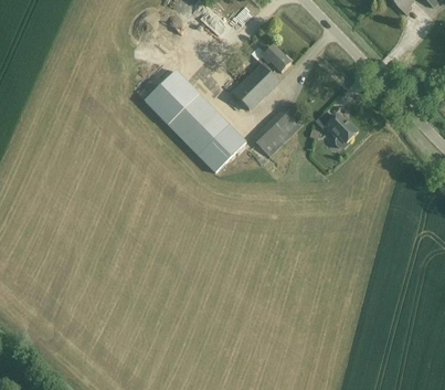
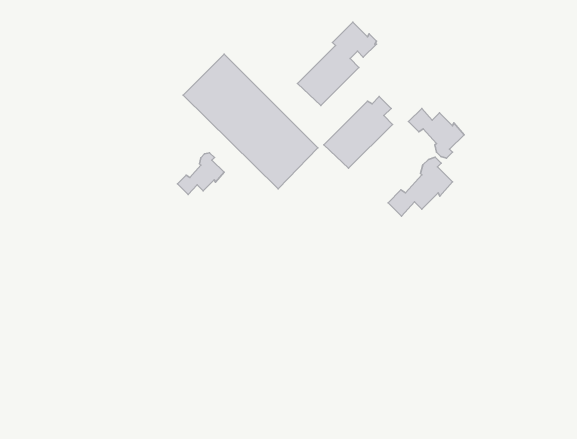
building: none -> [177,153,224,195]
building: none -> [388,157,453,216]

